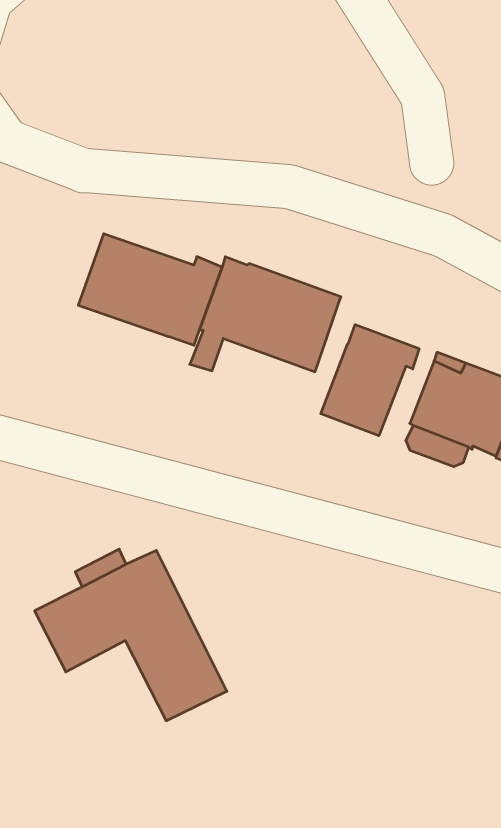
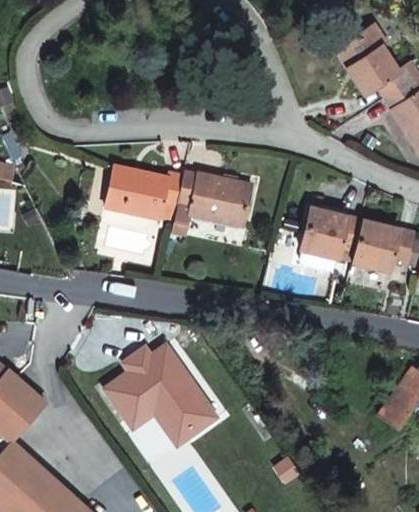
building: [321,325,419,436] -> none
building: none -> [126,393,186,442]

